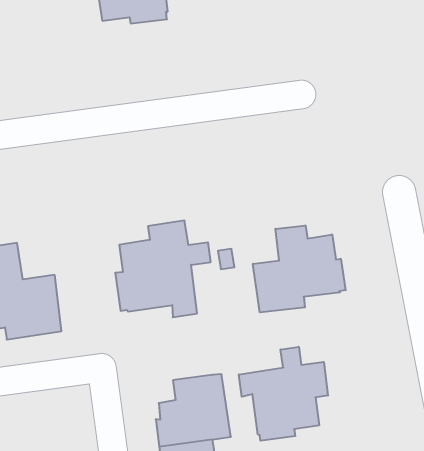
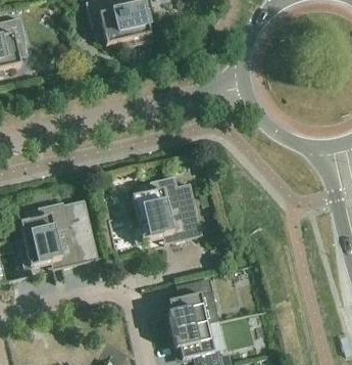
building: [253,225,346,312] -> none
building: [239,347,328,441] -> none

